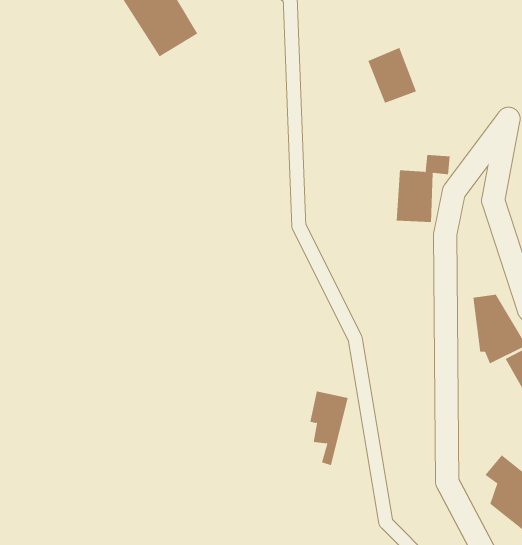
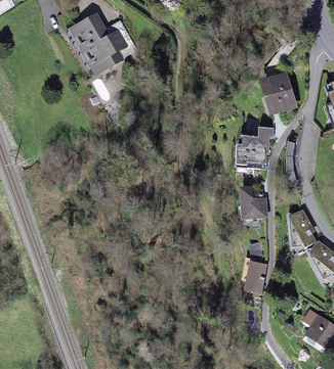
building: [367,47,417,103] -> [263,76,293,109]
building: none -> [244,189,262,221]
building: [309,391,349,466] -> [245,260,268,305]

